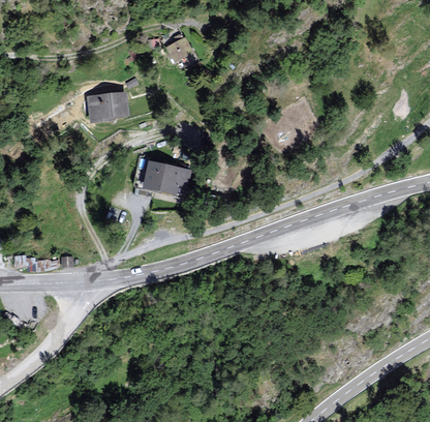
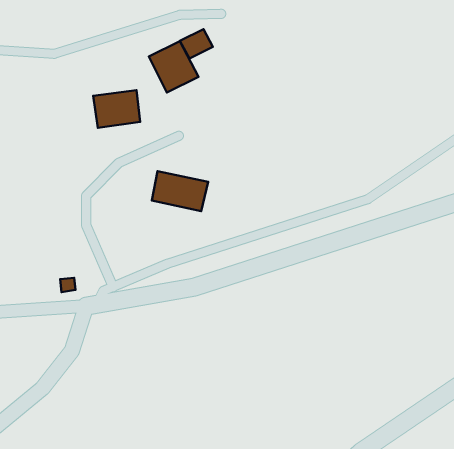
building: none -> [149,41,198,93]

